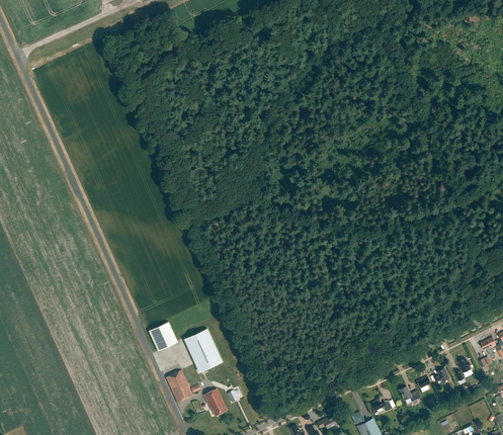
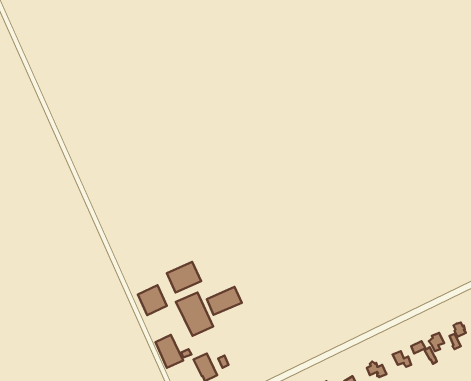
building: none -> [167,262,201,292]
building: none -> [207,287,242,315]

